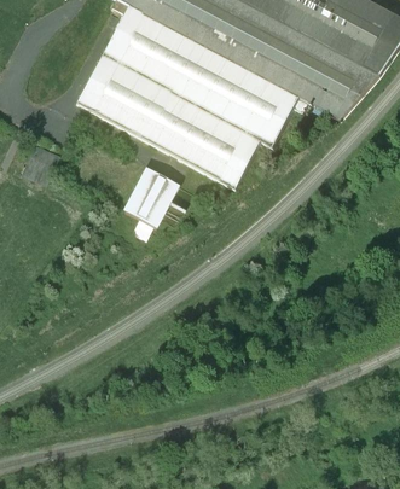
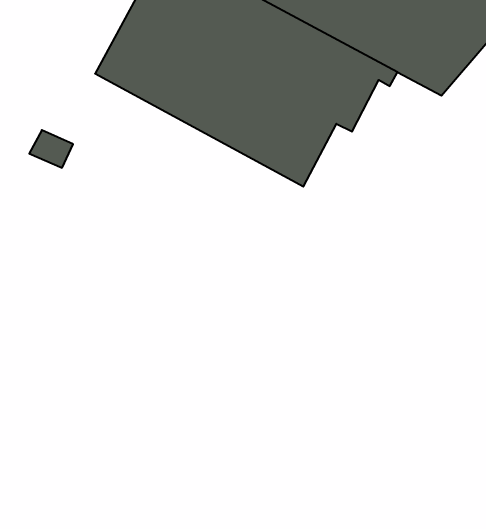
building: [121,167,178,227] -> none

